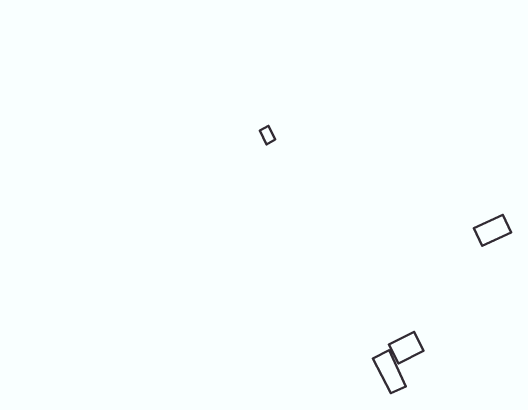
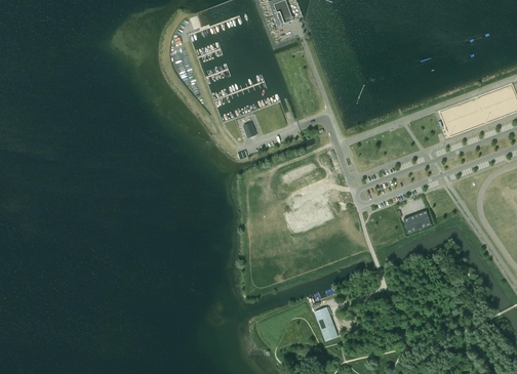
building: [389,332,424,364] -> none

